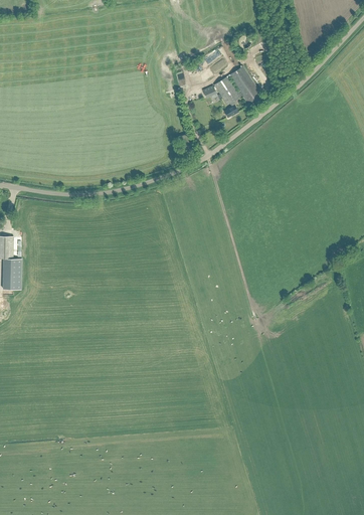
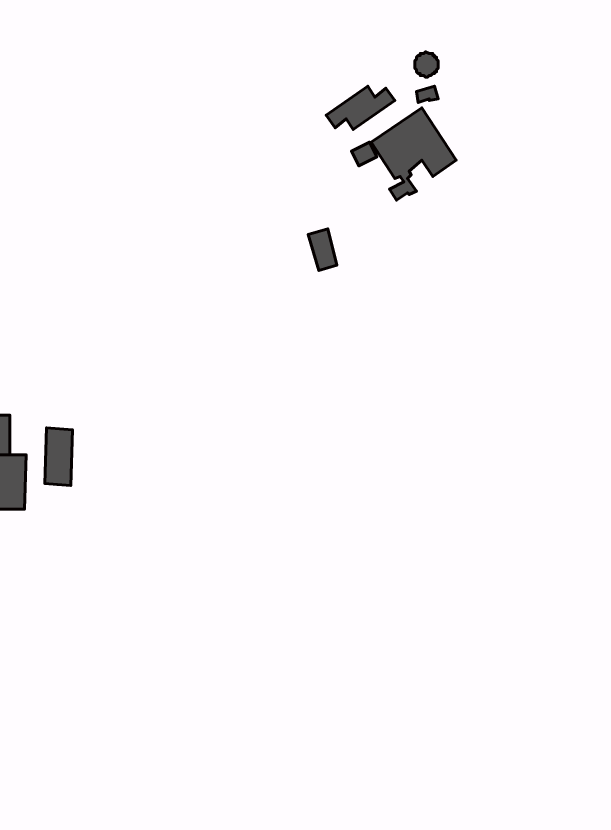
building: none -> [45,428,73,485]

